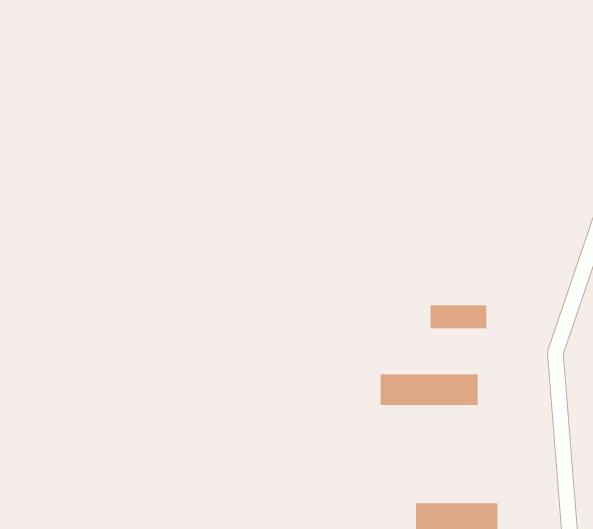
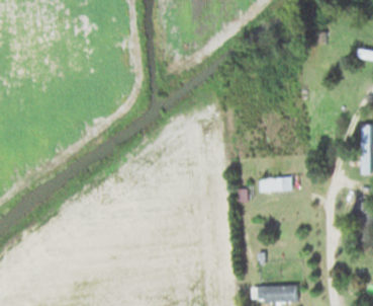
building: [380,374,478,406] -> none

